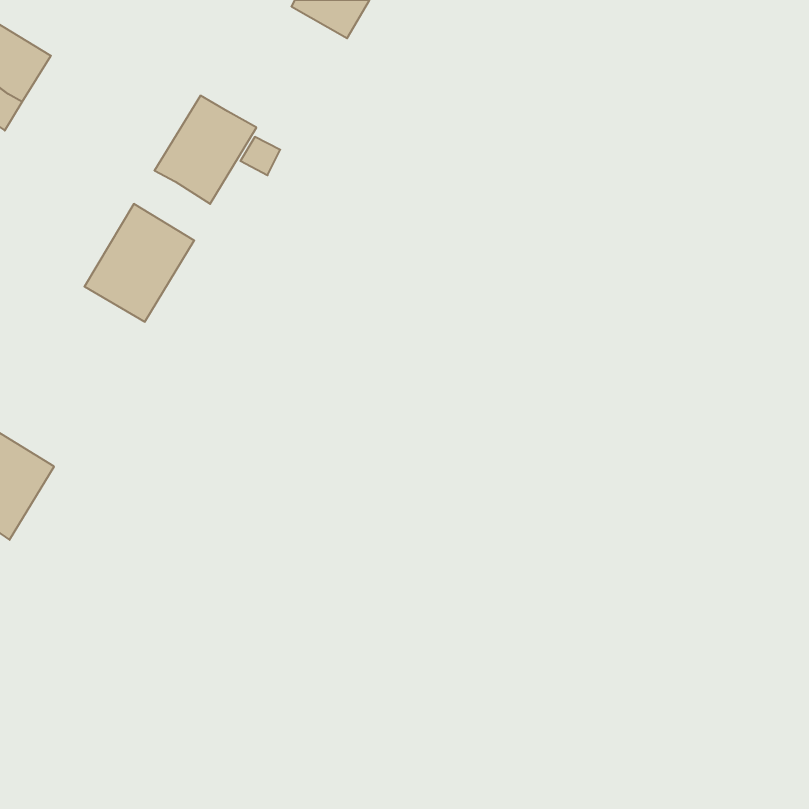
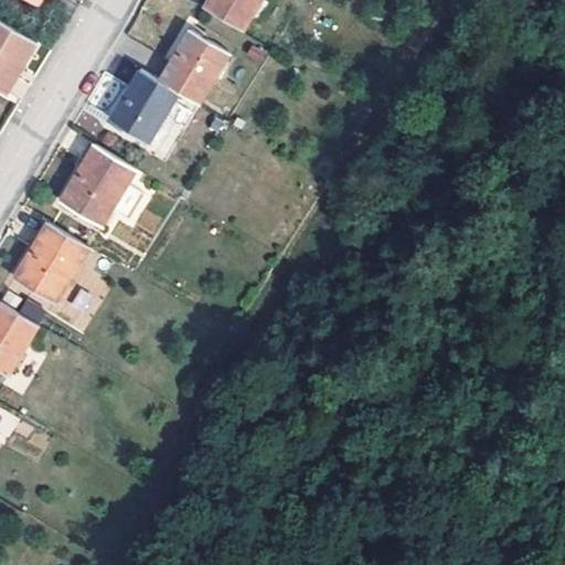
building: none -> [158,30,226,103]
building: none -> [12,223,87,302]

